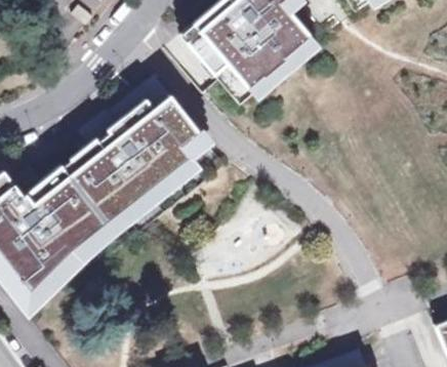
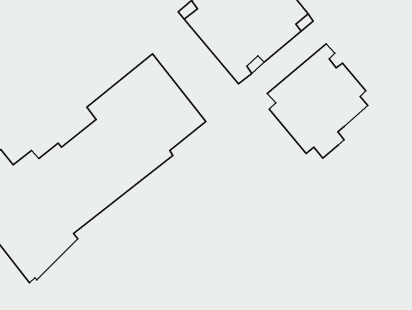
building: none -> [267,44,368,158]

